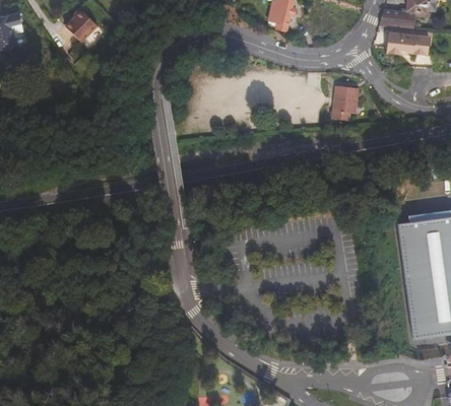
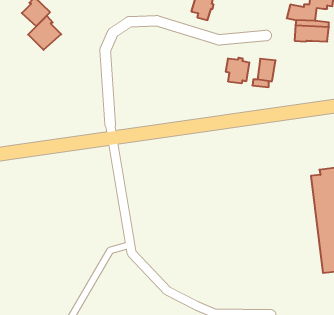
building: none -> [28,16,61,50]
building: none -> [226,58,249,83]

